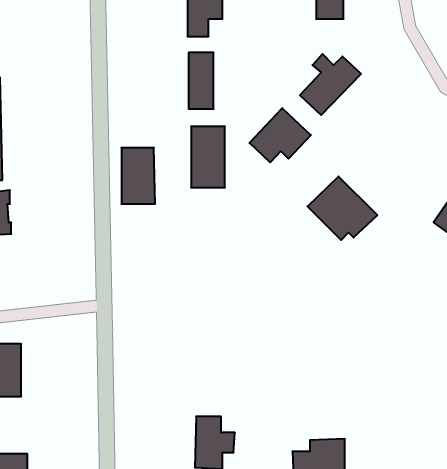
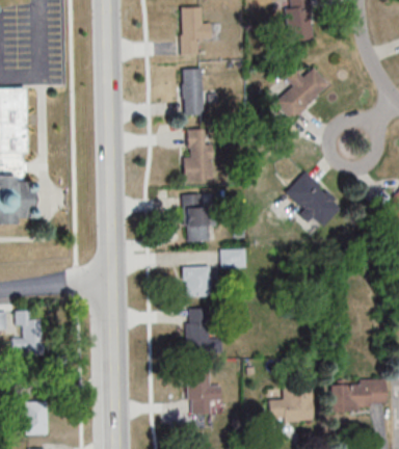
building: [249,108,311,162] -> none
building: [121,148,155,204] -> [186,194,214,241]
building: none -> [221,249,246,267]
building: none -> [184,266,211,297]
building: none -> [188,306,221,353]
building: none -> [331,381,388,410]

